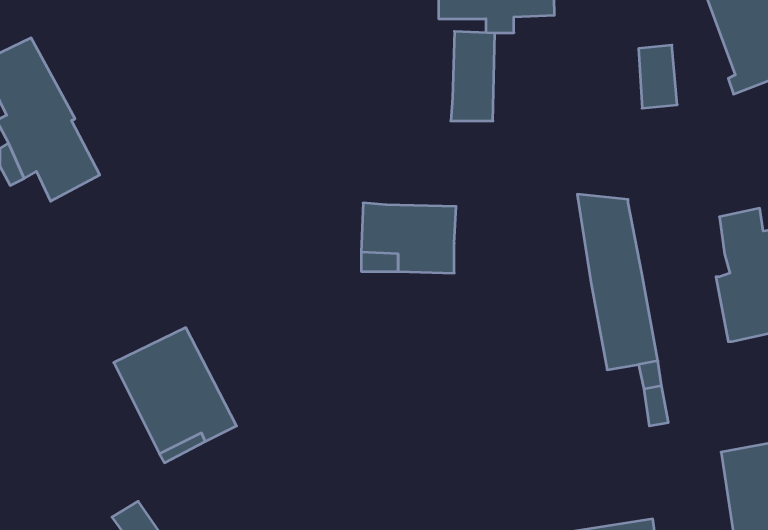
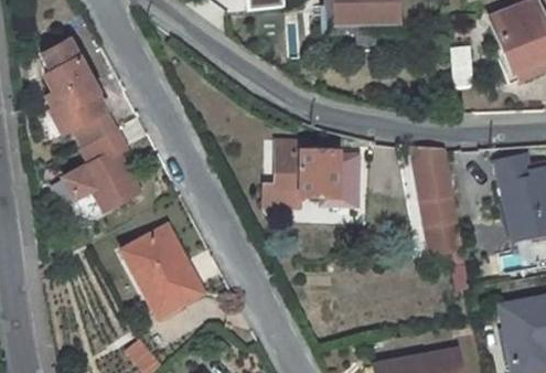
building: [451,31,495,121] -> [335,150,363,206]
building: none -> [64,129,136,214]

